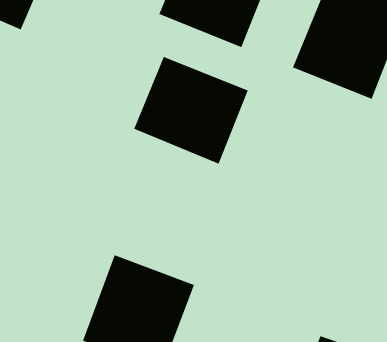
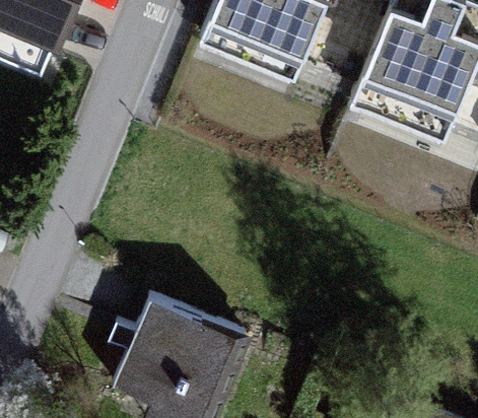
building: [134,56,249,164] -> none

